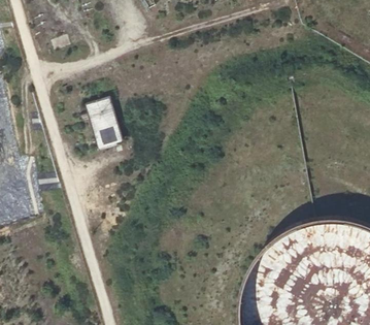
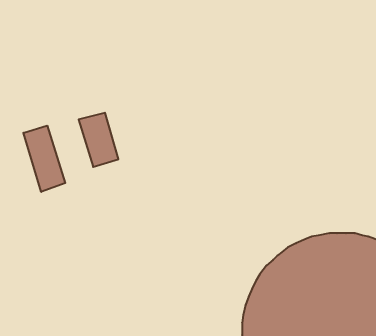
building: none -> [23,126,65,192]

